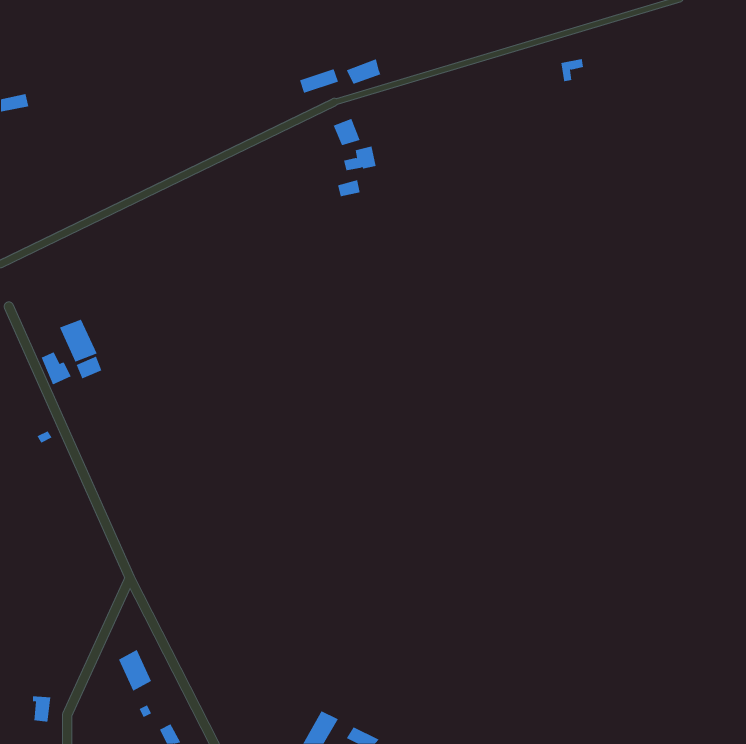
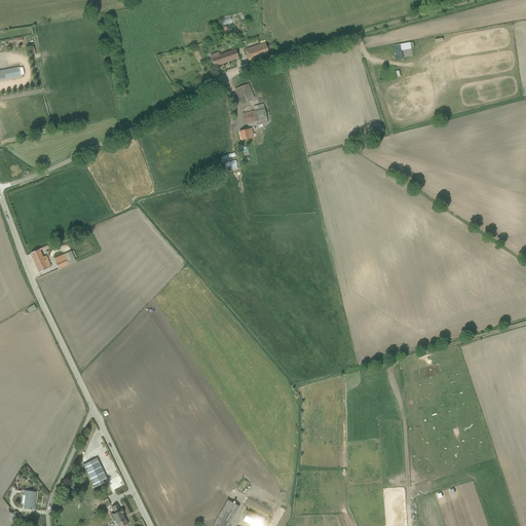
building: [59,319,97,362] -> none

